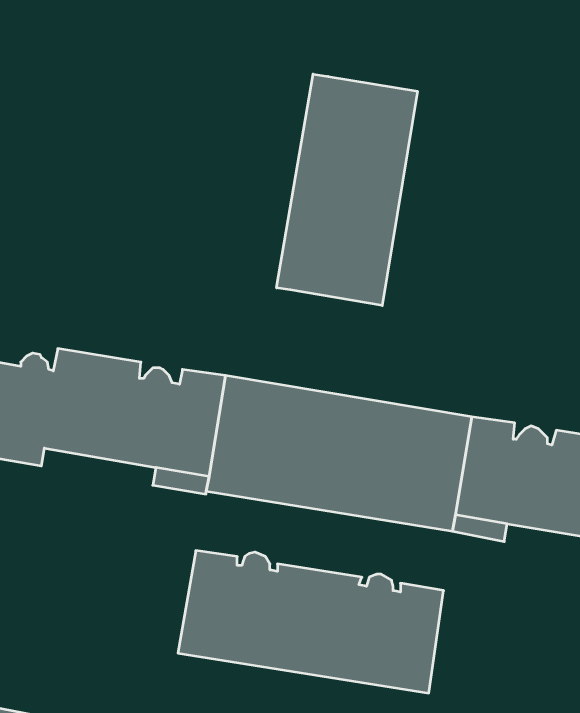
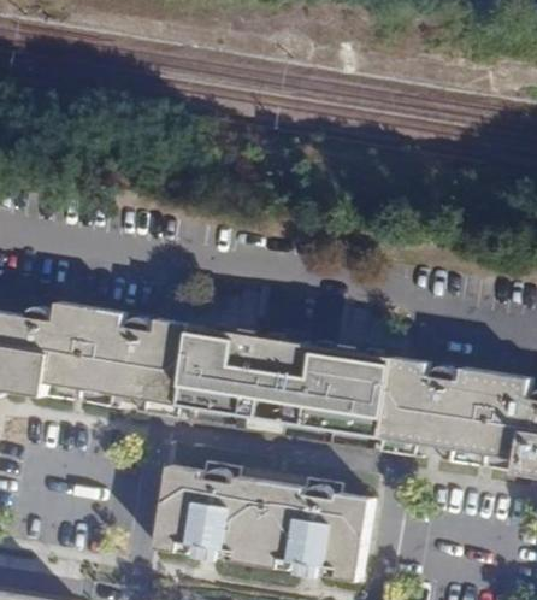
building: [277,74,417,306] -> none

